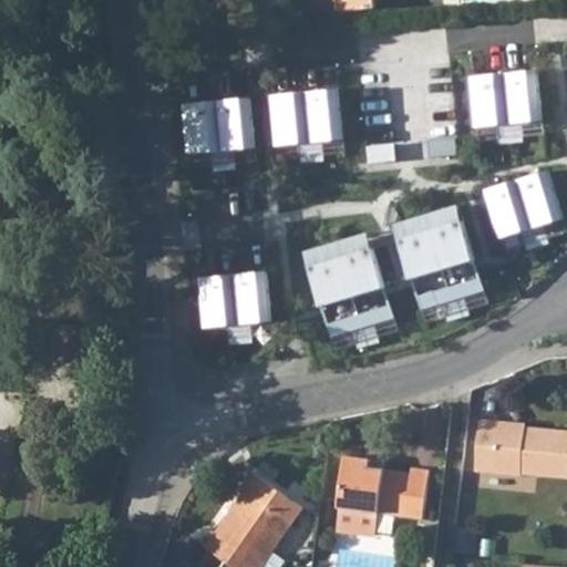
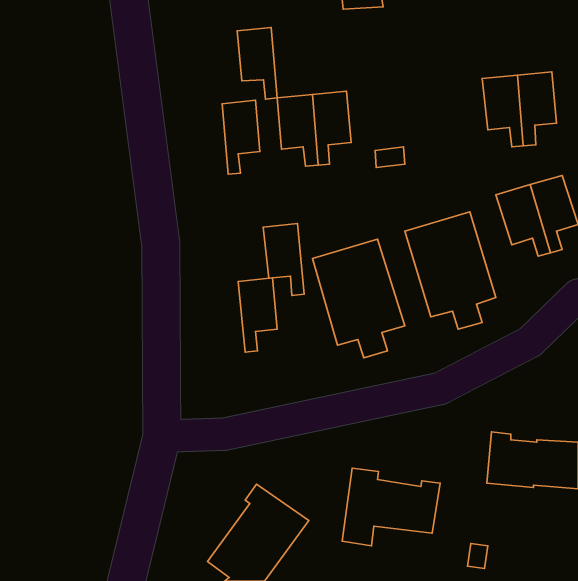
building: [183,101,221,171] -> [237,27,277,99]
building: [198,274,238,343] -> [263,224,304,295]

